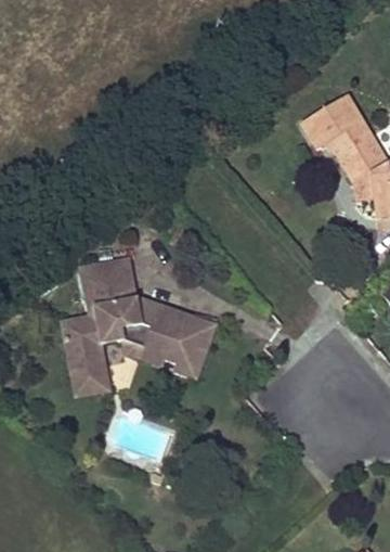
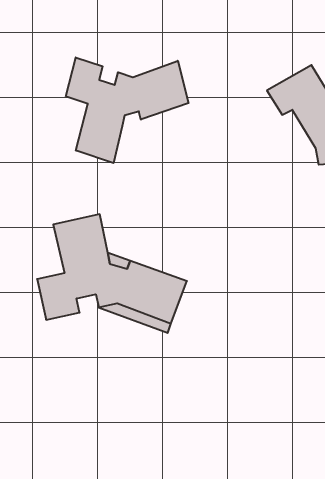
building: none -> [66,57,189,163]
building: [67,358,109,398] -> none

